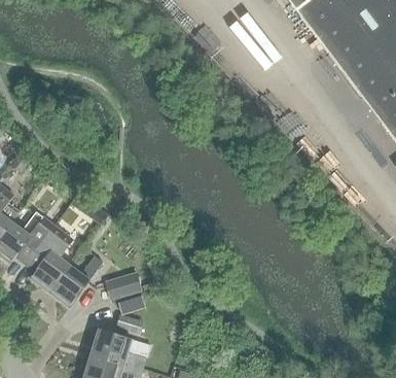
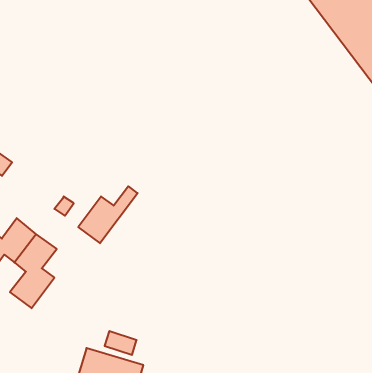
building: [49,255,103,307] -> [78,186,138,243]
building: [105,271,142,301] -> none

